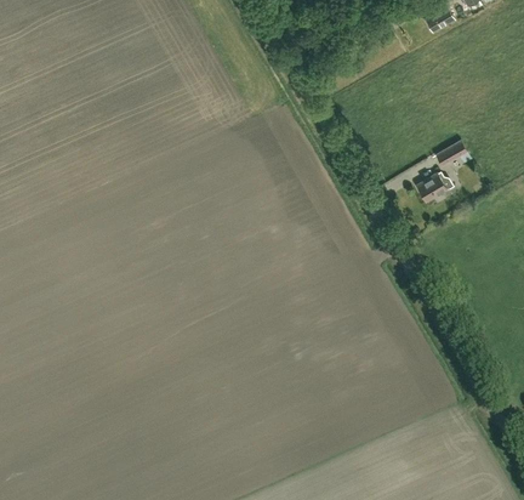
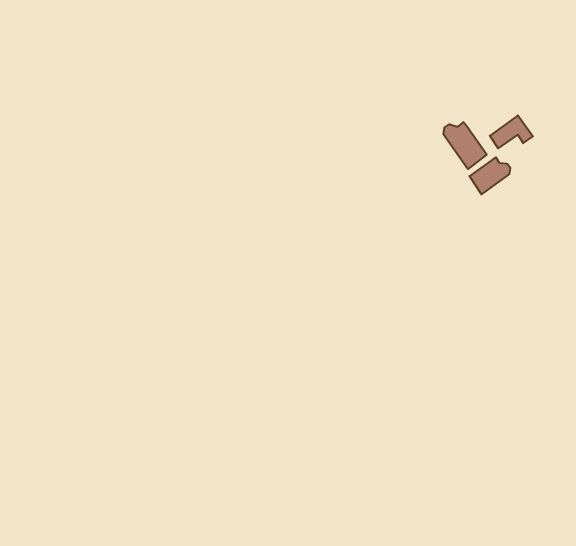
building: none -> [444,122,487,169]

